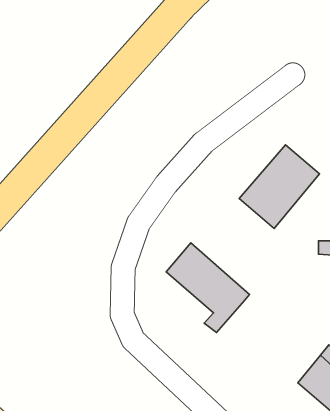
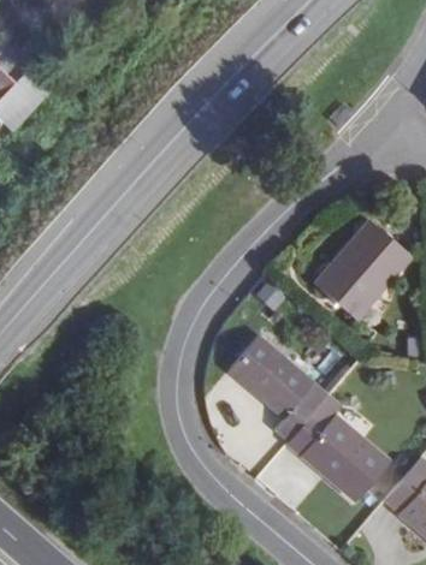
building: none -> [288,404,389,501]

